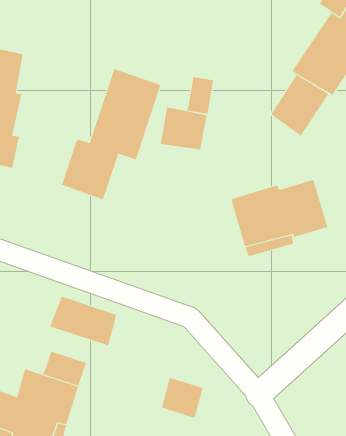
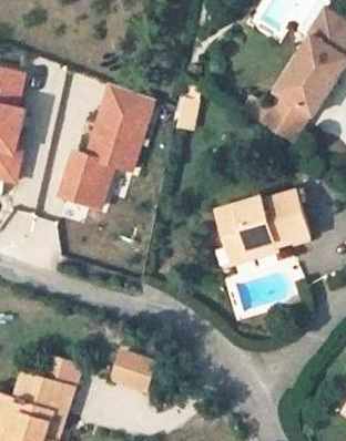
building: [160,107,207,150] -> none
building: [49,296,117,346] -> none
building: [161,377,203,418] -> [114,348,154,387]

